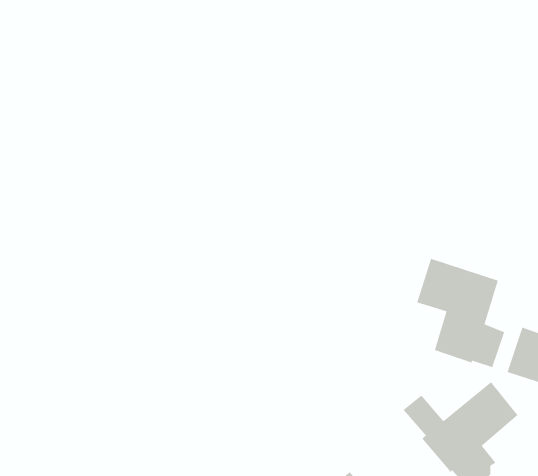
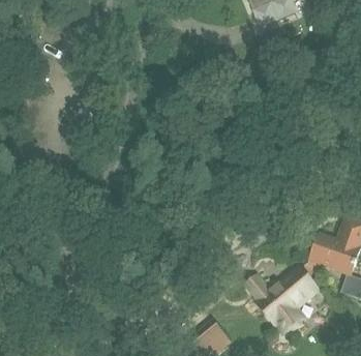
building: [416,258,505,368] -> none

